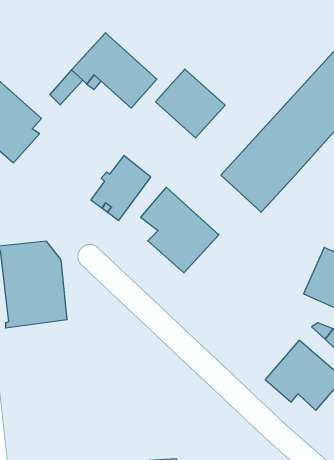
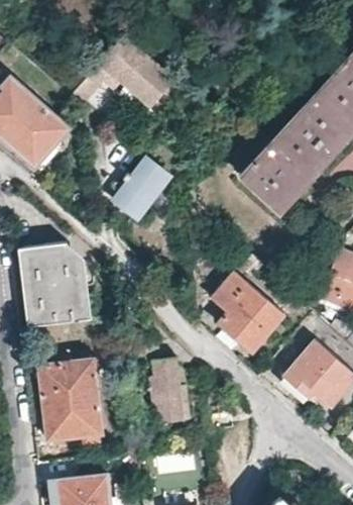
building: [156,69,225,138] -> none
building: [141,187,219,273] -> [209,269,285,352]
building: none -> [130,341,190,421]
building: none -> [37,358,102,440]

